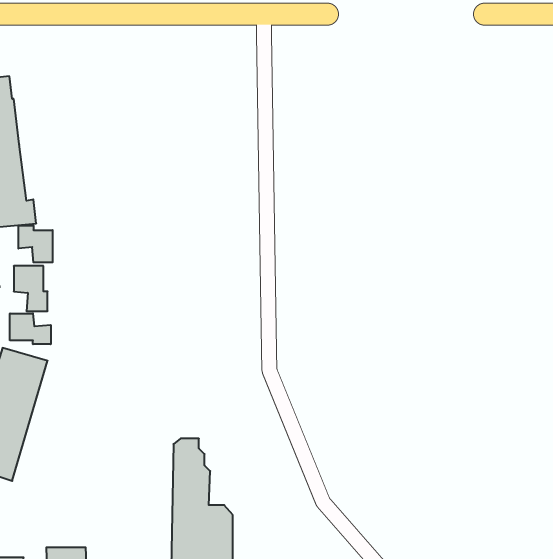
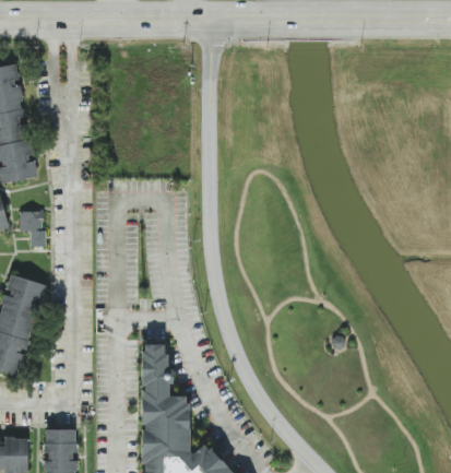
building: [18,225,53,262] -> none
building: [10,313,51,344] -> none

